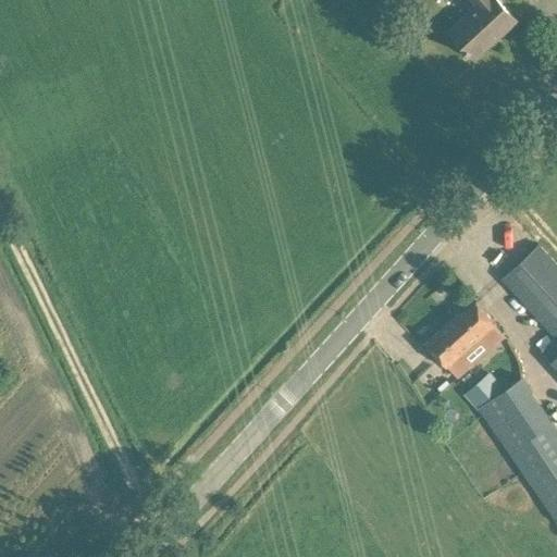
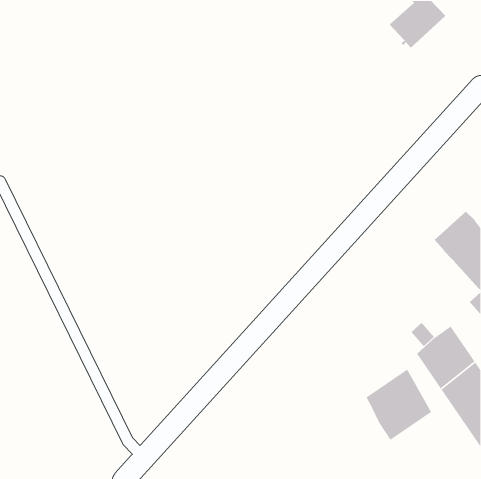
building: [425,302,504,379] -> none
building: none -> [366,369,432,441]

